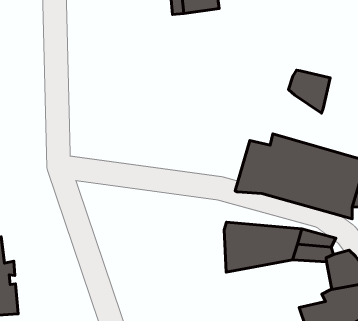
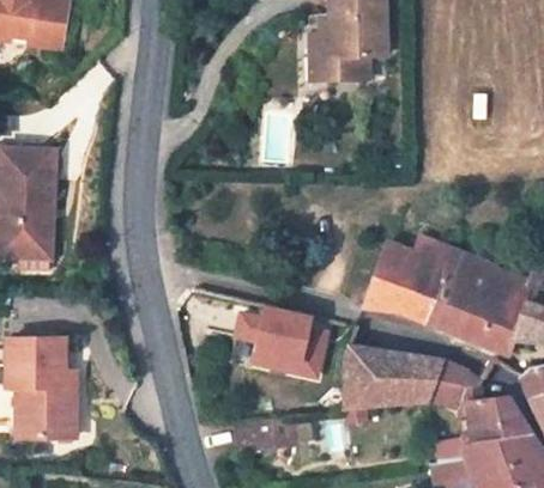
building: [288,70,330,113] -> none
building: none -> [234,303,334,379]
building: none -> [237,419,297,452]

